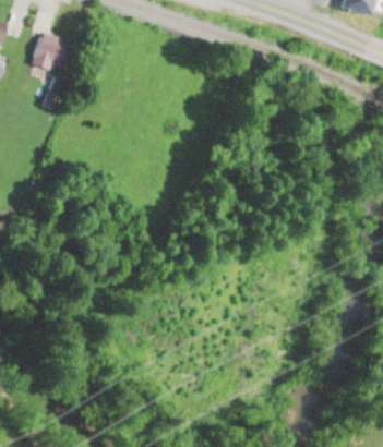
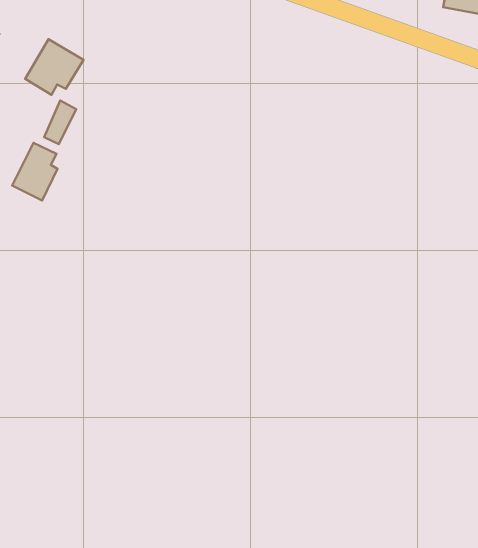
building: none -> [12,143,58,201]

